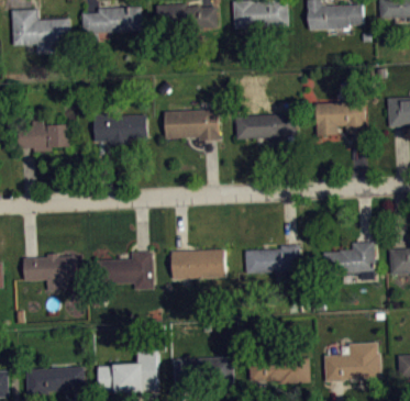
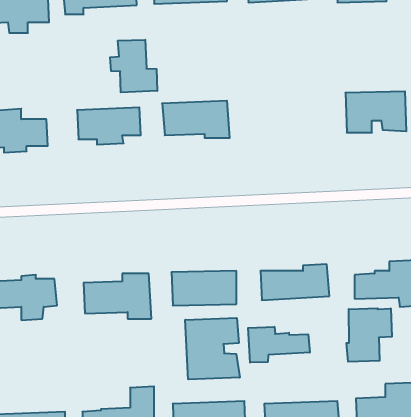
building: none -> [110,40,157,92]
building: [235,113,296,140] -> none
building: none -> [346,308,392,362]
building: none -> [185,318,240,379]
building: none -> [248,327,310,363]

